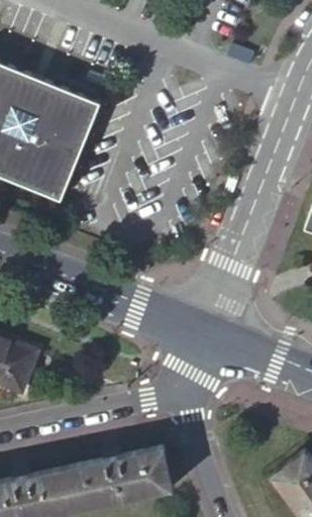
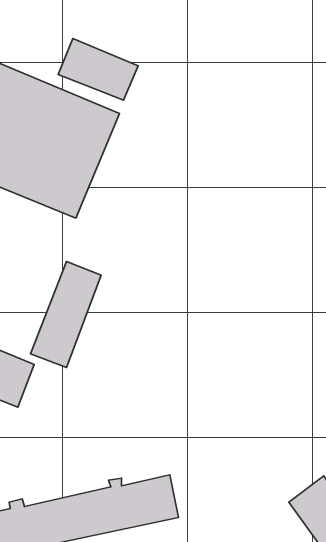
building: none -> [58,39,138,100]
building: none -> [30,261,101,368]

